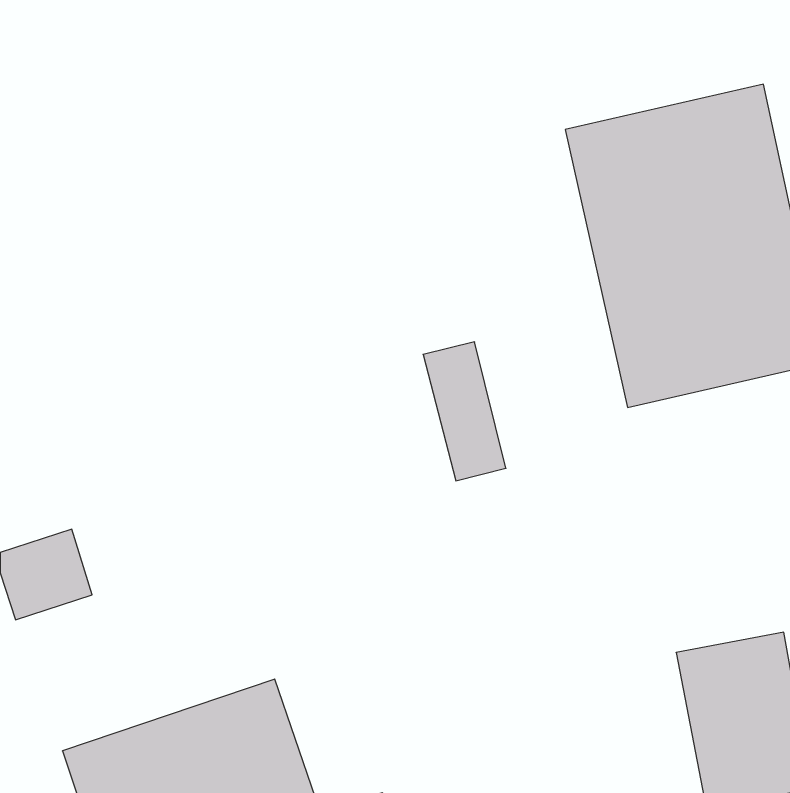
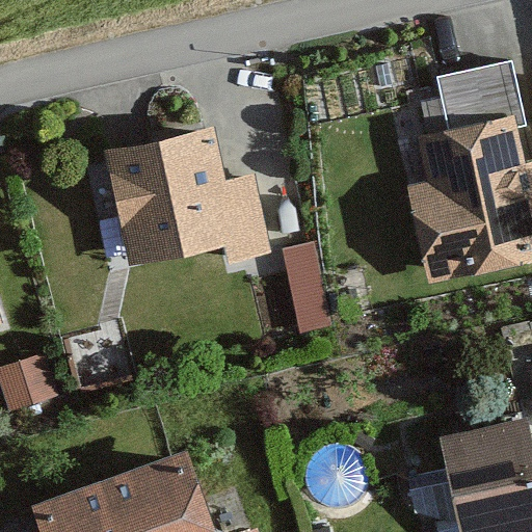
building: none -> [71,109,243,276]

